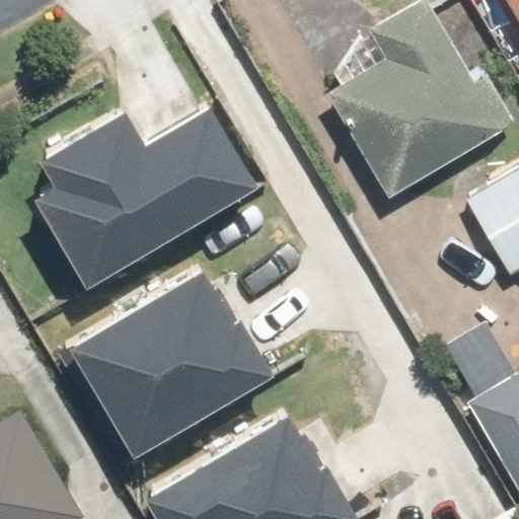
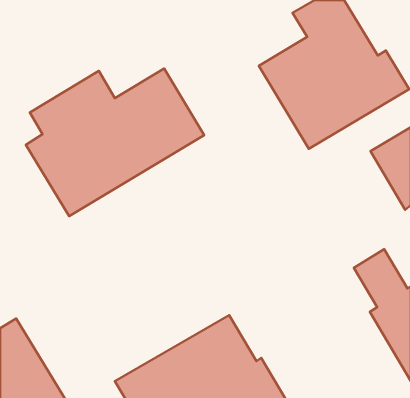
building: [71,269,275,455] -> none

